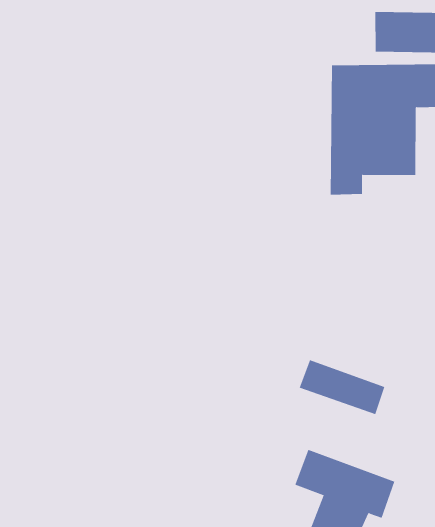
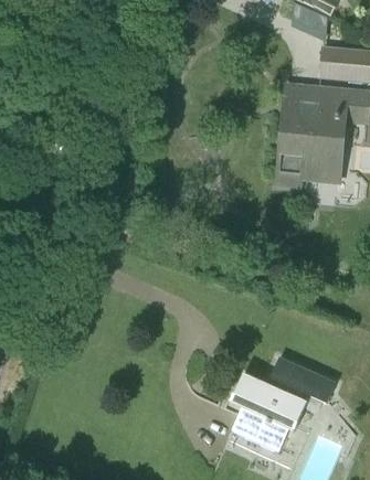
building: [299,360,385,415] -> [268,356,335,403]

